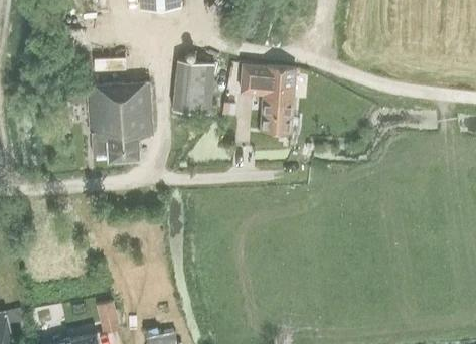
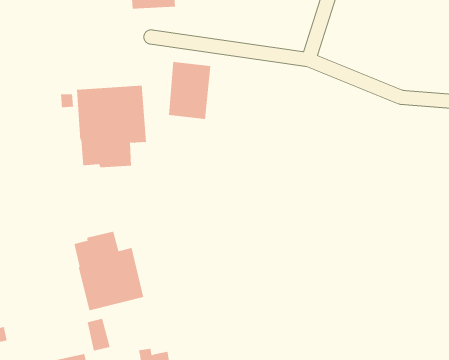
building: [241,64,296,133] -> none
building: none -> [74,231,144,311]

